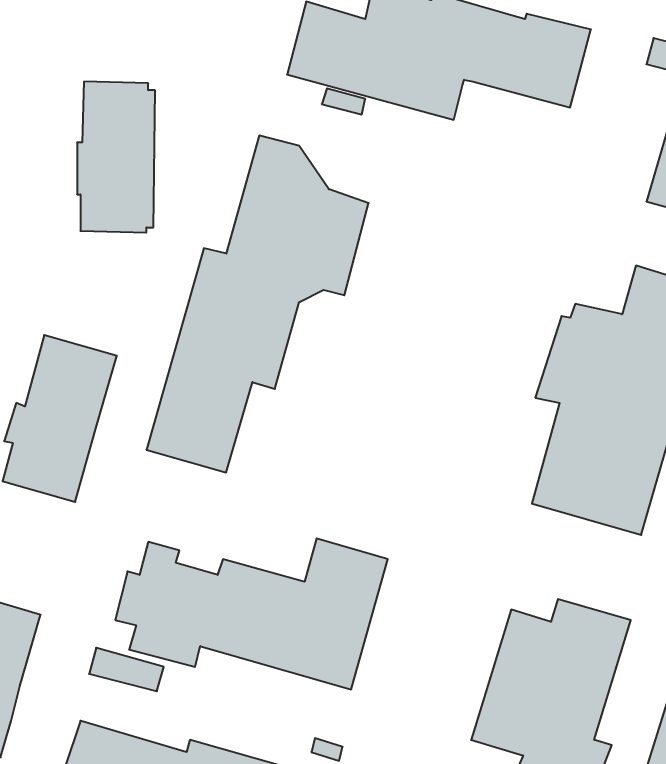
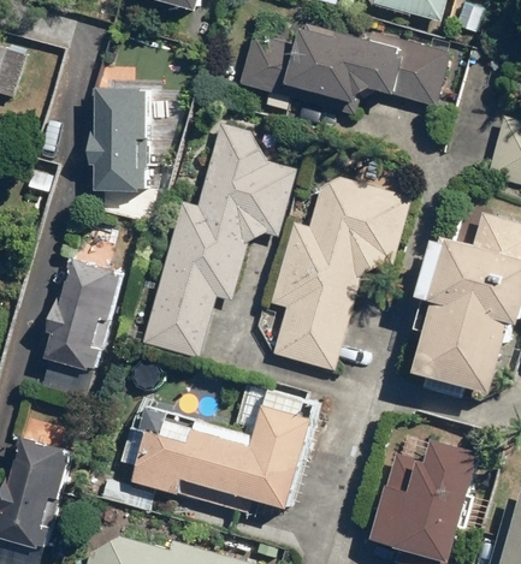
building: none -> [274,174,416,368]

